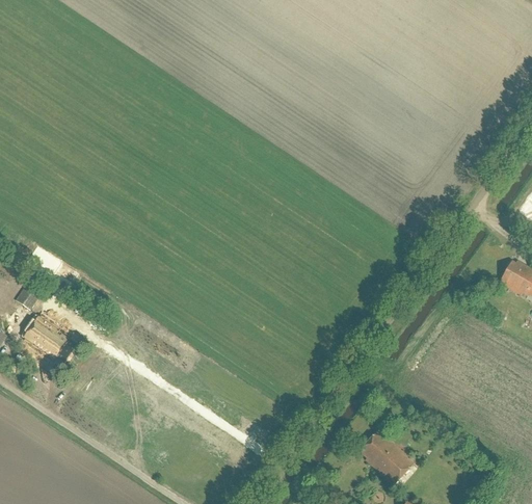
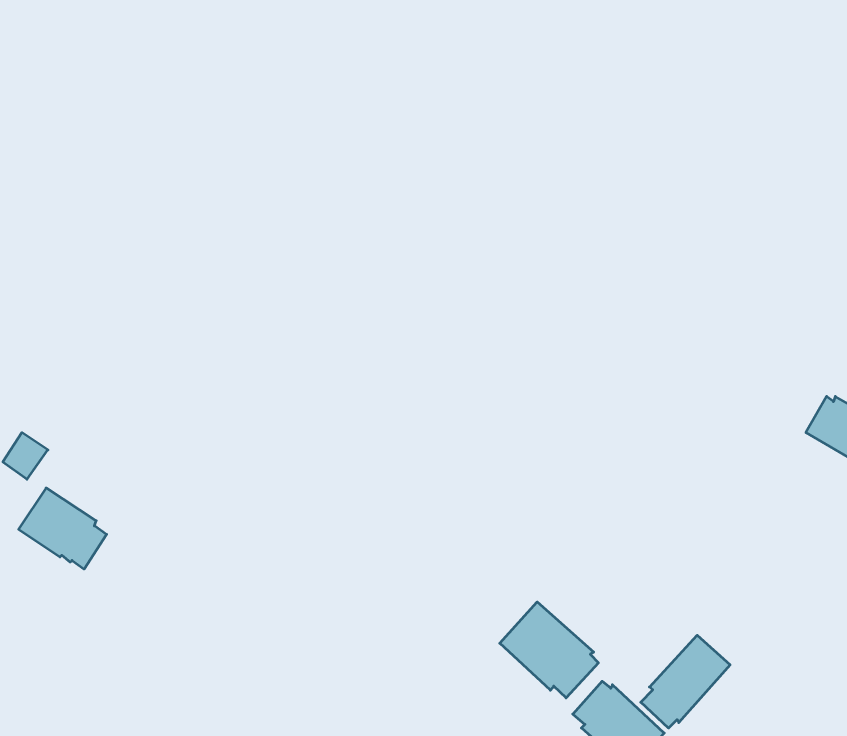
building: none -> [500,602,598,698]
building: none -> [641,635,730,728]

